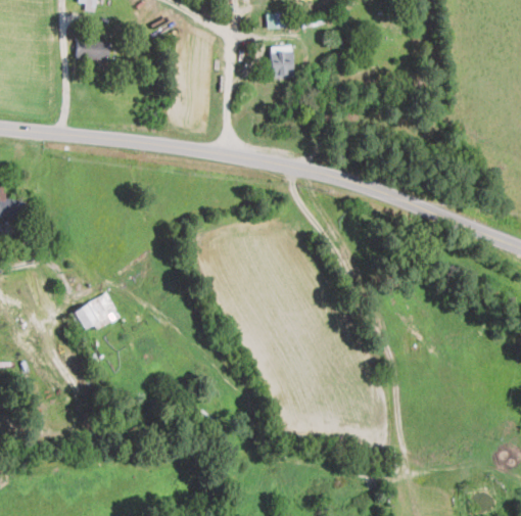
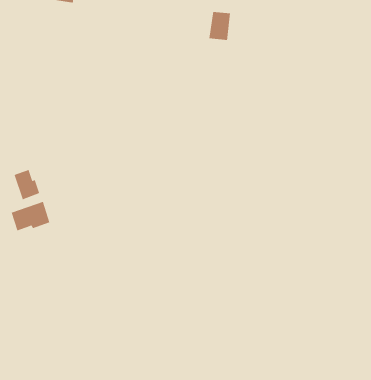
building: none -> [14,169,40,200]

